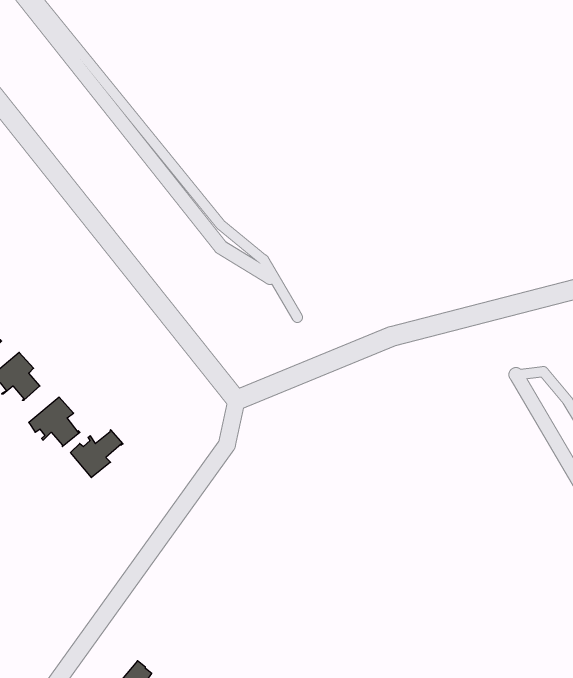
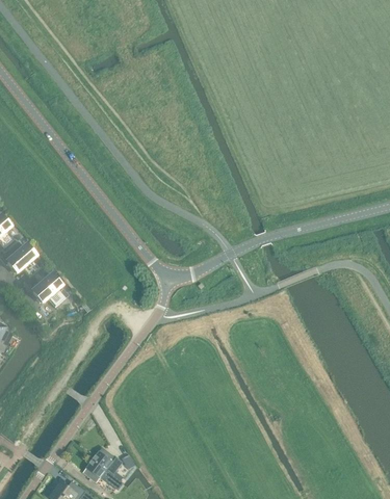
building: [71,430,123,478] -> none

